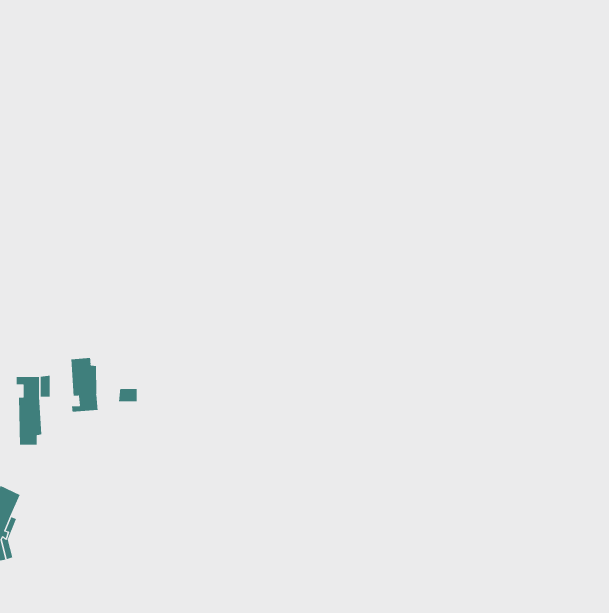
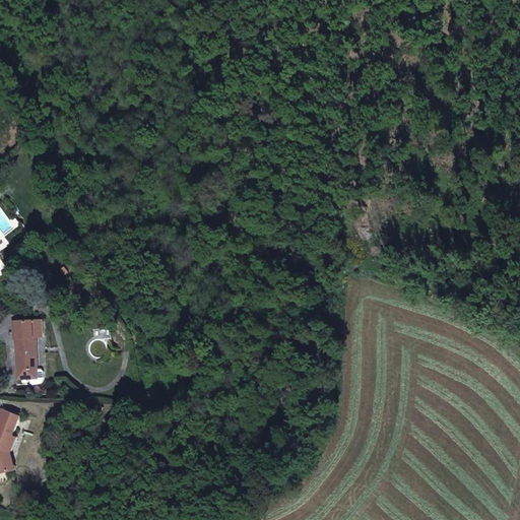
building: [71,357,98,413] -> none

